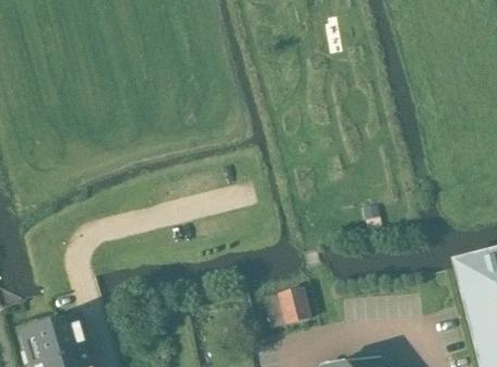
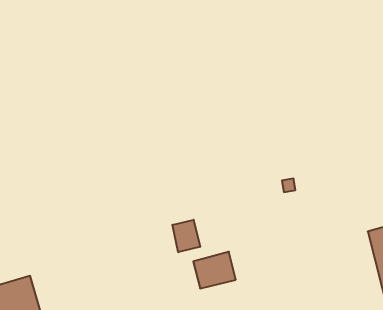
building: none -> [172,220,200,252]

